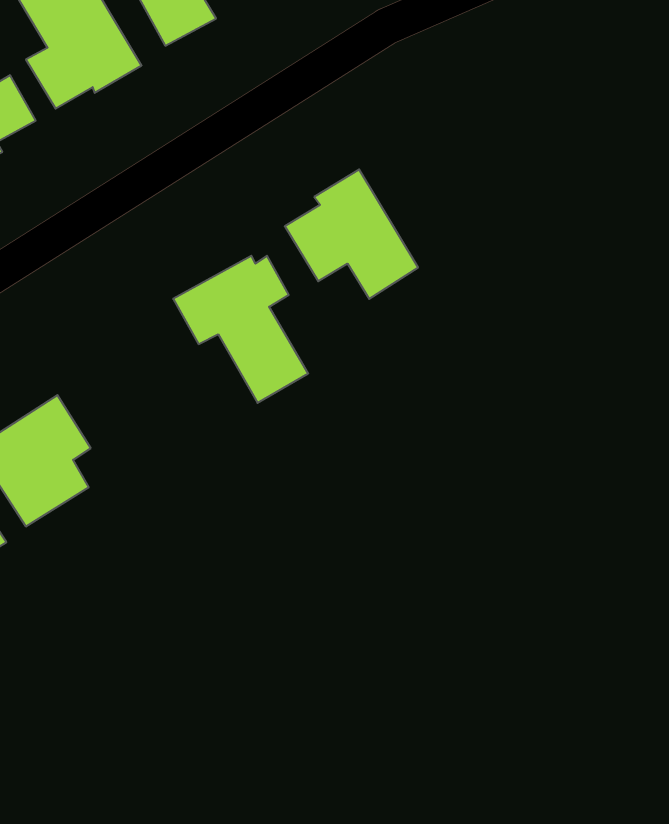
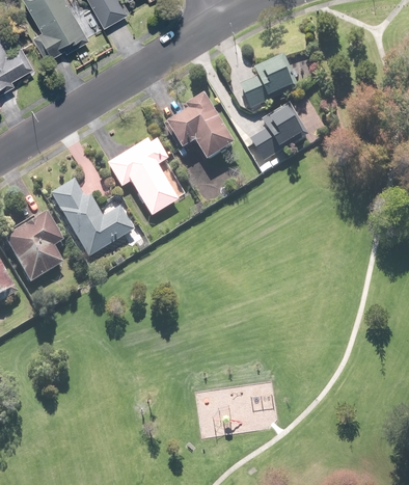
building: none -> [241,54,297,109]
building: none -> [251,101,306,160]
building: none -> [51,179,135,258]

